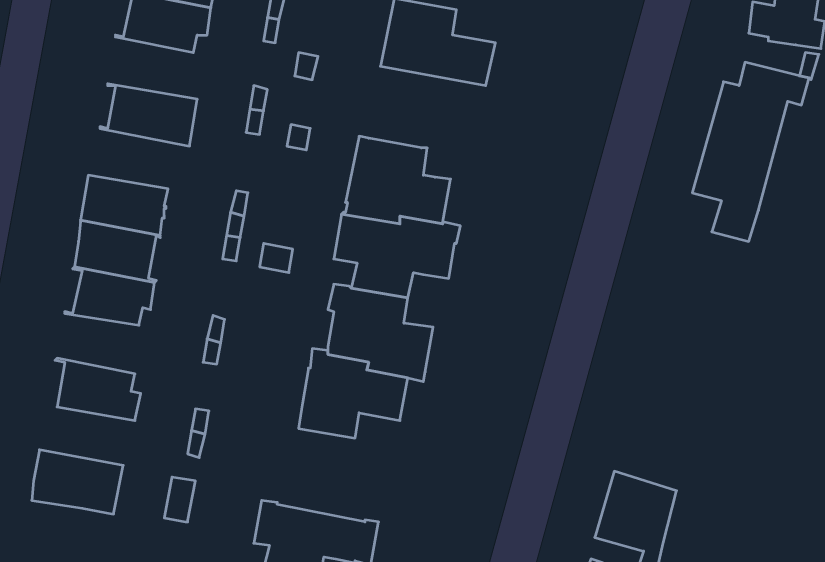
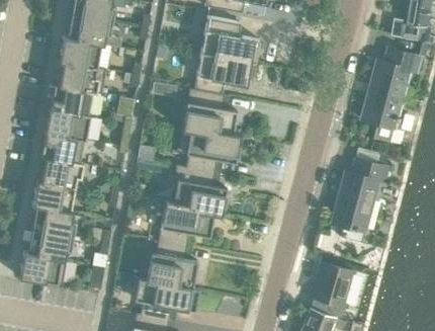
building: none -> [58,35,105,68]
building: none -> [193,51,254,93]
building: none -> [48,83,100,114]
building: none -> [333,158,389,241]
building: none -> [31,179,74,211]
building: none -> [22,228,72,258]
building: none -> [146,239,196,287]

